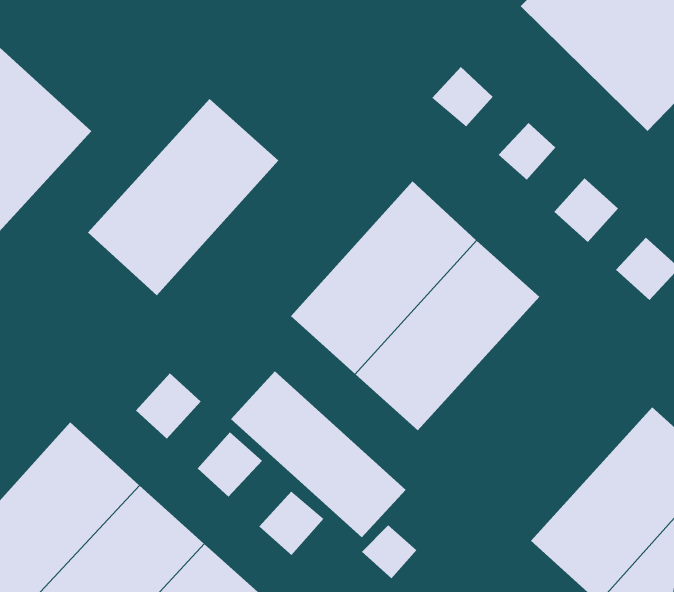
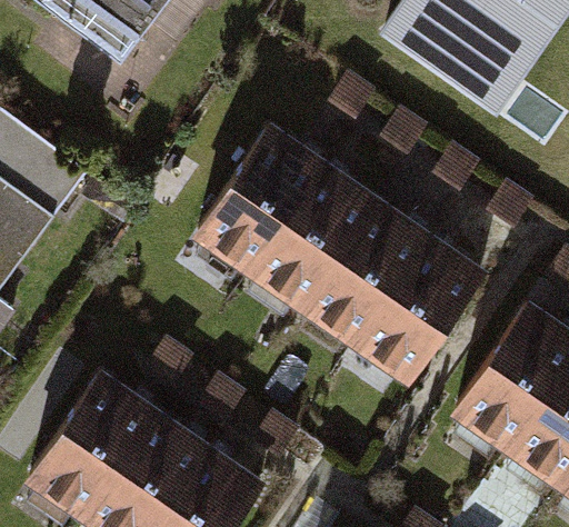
building: [87,98,279,296] -> [192,129,326,281]
building: none -> [359,238,485,385]
building: [230,371,407,538] -> none

